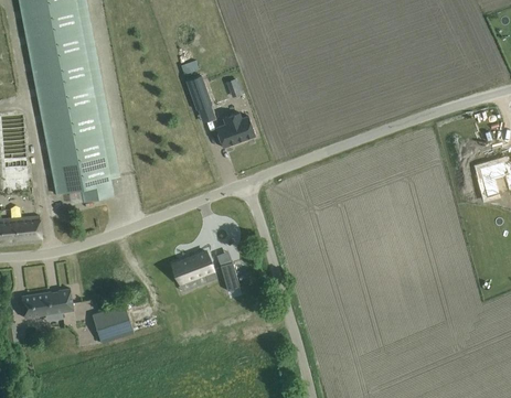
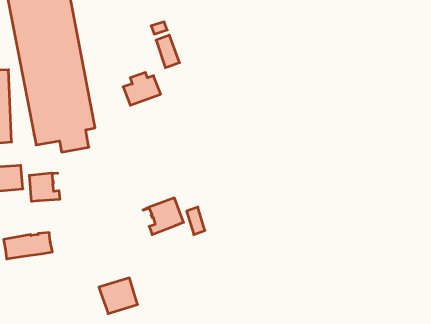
building: [214,114,255,149] -> [123,73,161,105]
building: none -> [29,173,60,201]
building: [91,305,132,344] -> [99,278,138,314]

